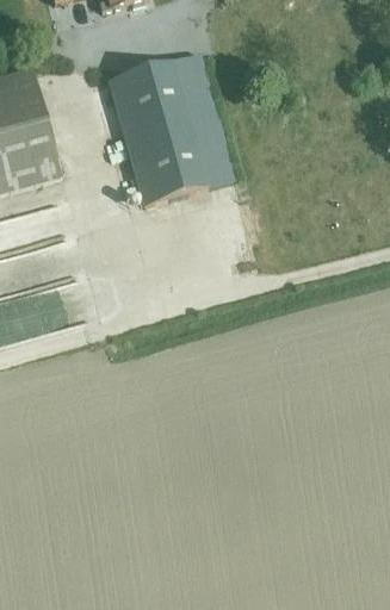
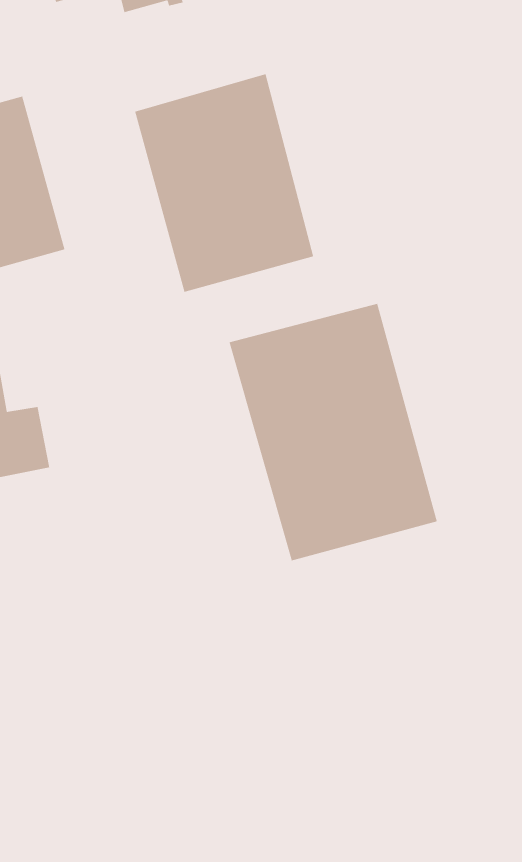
building: none -> [229,303,438,561]

